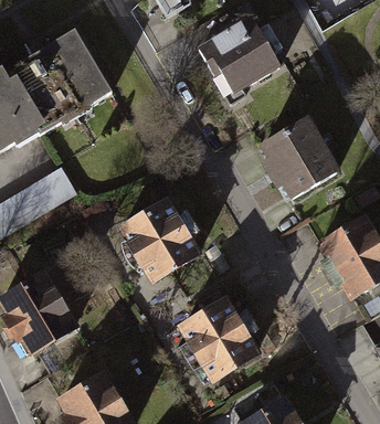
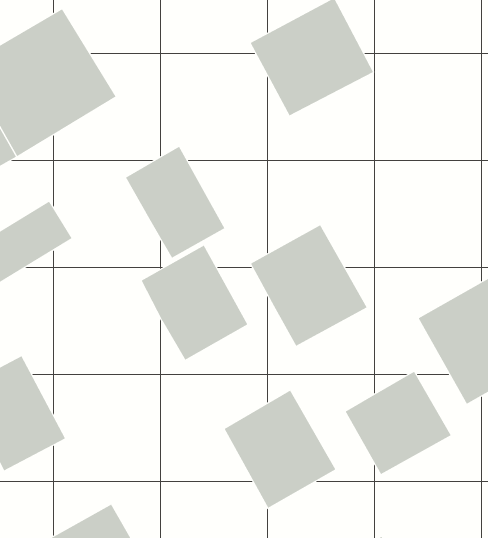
building: [261,110,340,193] -> [250,224,368,347]
building: none -> [125,146,225,259]
building: none -> [345,371,451,475]

